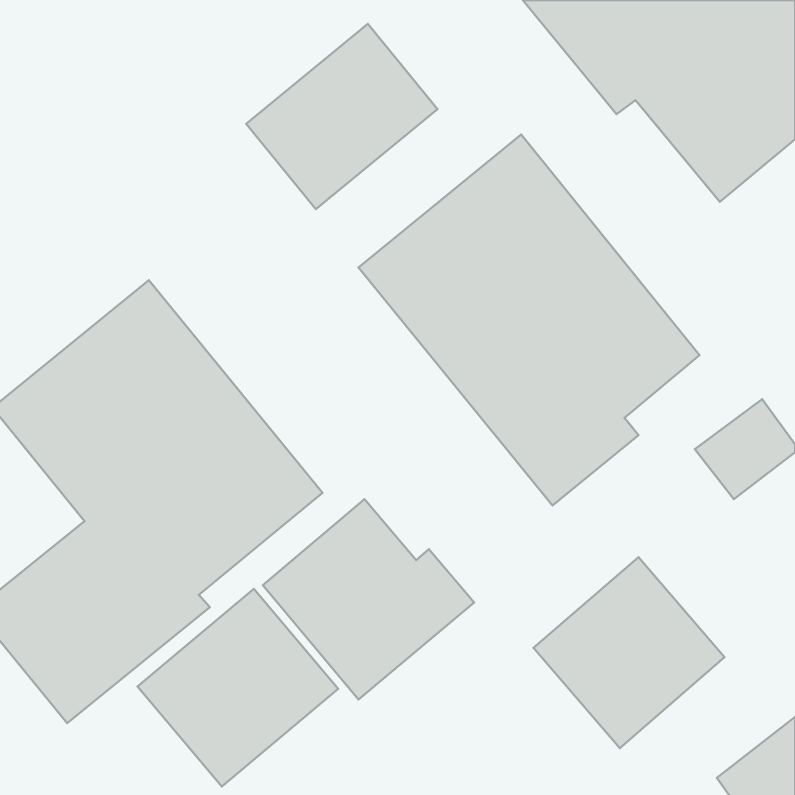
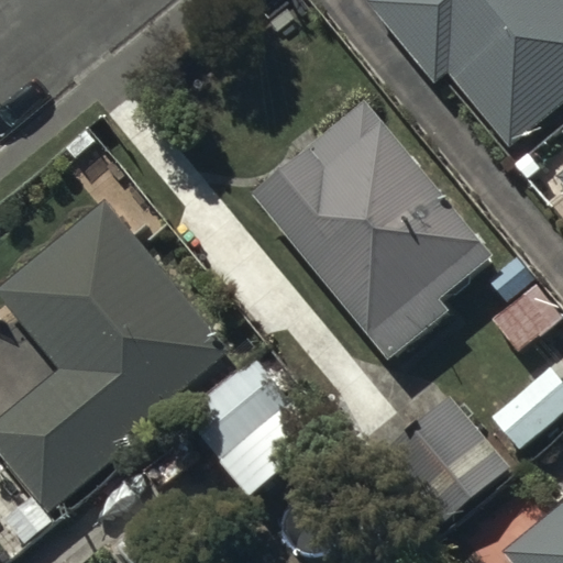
building: [246,24,437,209] -> none
building: [137,589,338,786] -> none

